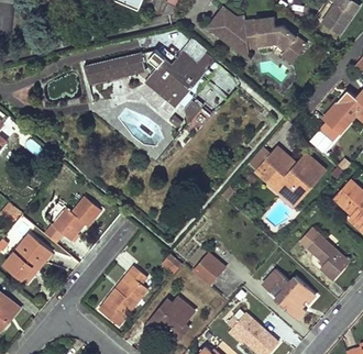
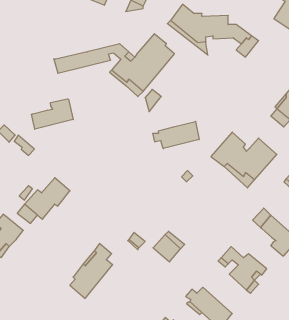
building: none -> [31,99,73,129]
building: none -> [153,121,199,149]
building: [147,297,194,339] -> none

